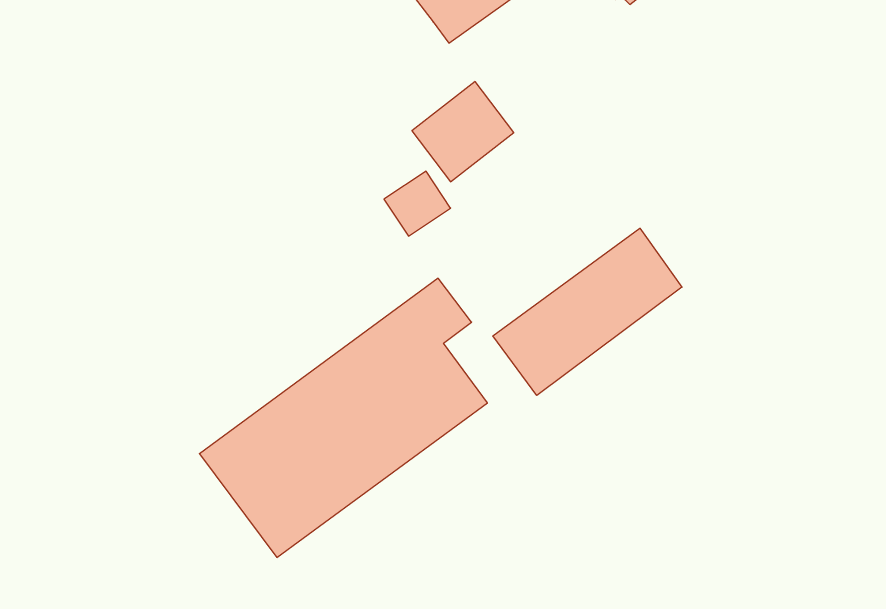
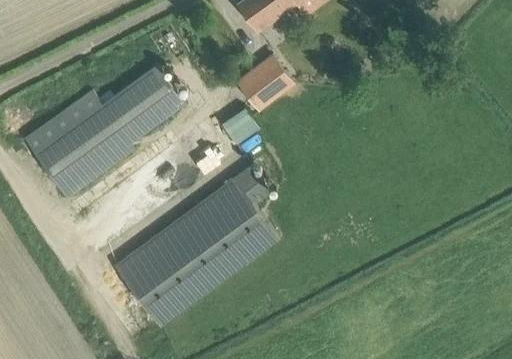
building: none -> [24,65,184,197]
building: [493,228,682,395] -> none

